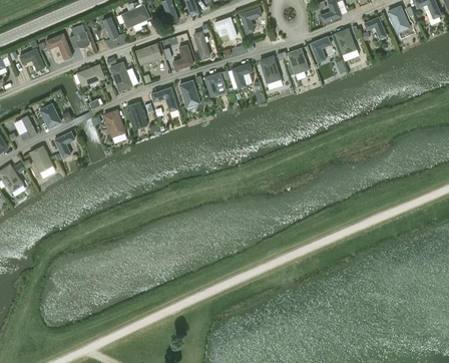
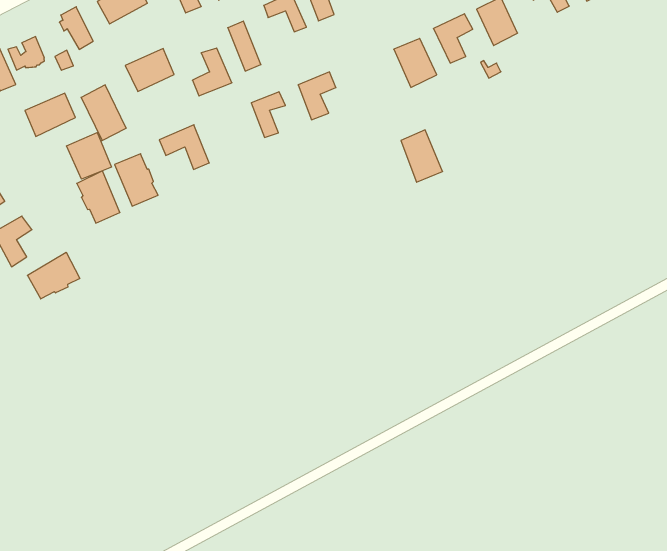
building: [260,55,282,84] -> [401,130,443,182]
building: [178,80,201,108] -> none
building: none -> [67,133,111,179]
building: none -> [27,252,80,299]

